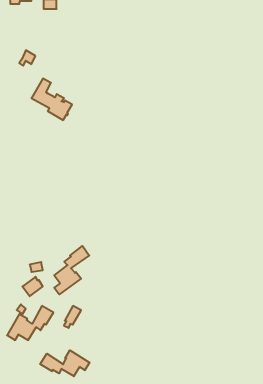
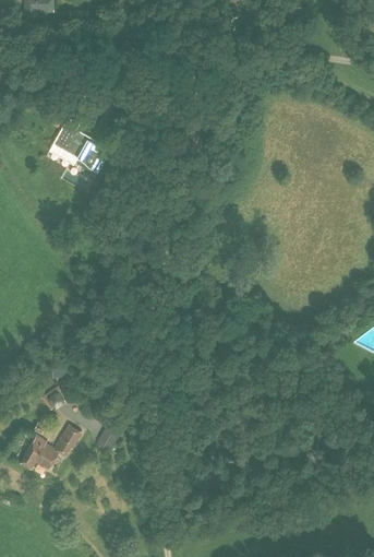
building: [54,246,89,294] -> none
building: [40,350,90,376] -> none

